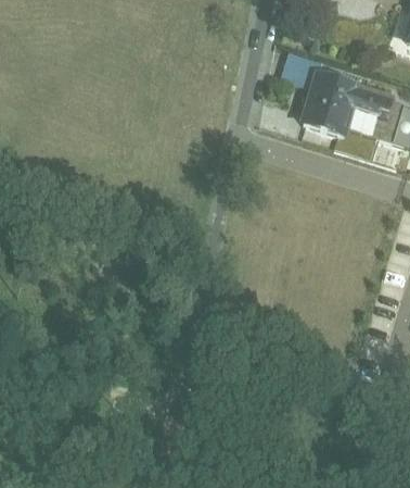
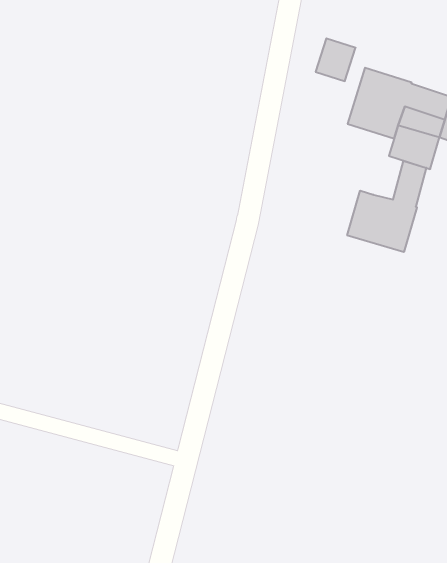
building: none -> [347,161,426,252]

